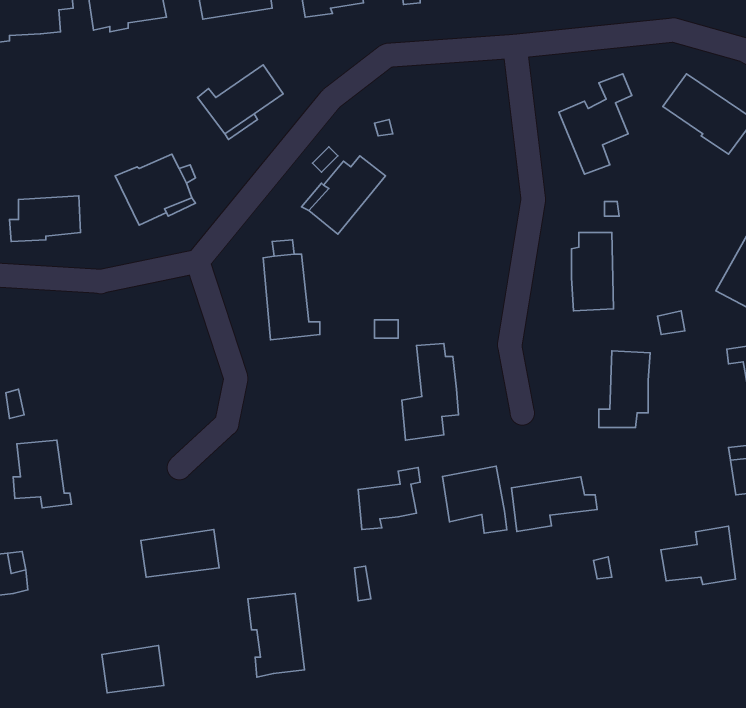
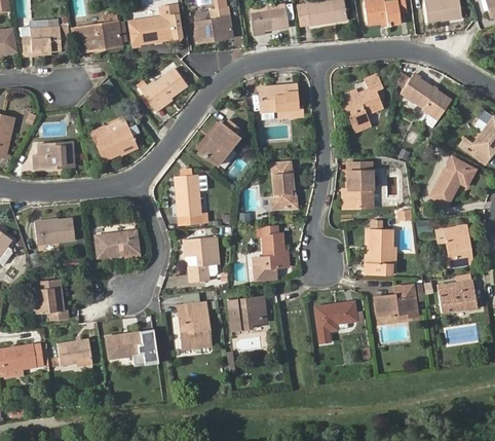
building: none -> [261,84,302,117]
building: none -> [272,162,297,210]
building: none -> [35,219,75,244]
building: none -> [96,231,139,257]
building: none -> [184,236,220,283]
building: [442,466,507,533] -> none
building: [661,526,736,585] -> [375,285,417,318]
building: [248,593,304,677] -> [179,302,211,350]
building: [102,646,164,693] -> [58,338,92,365]

